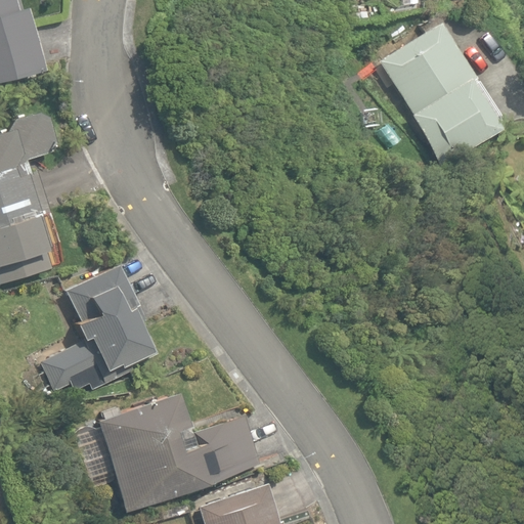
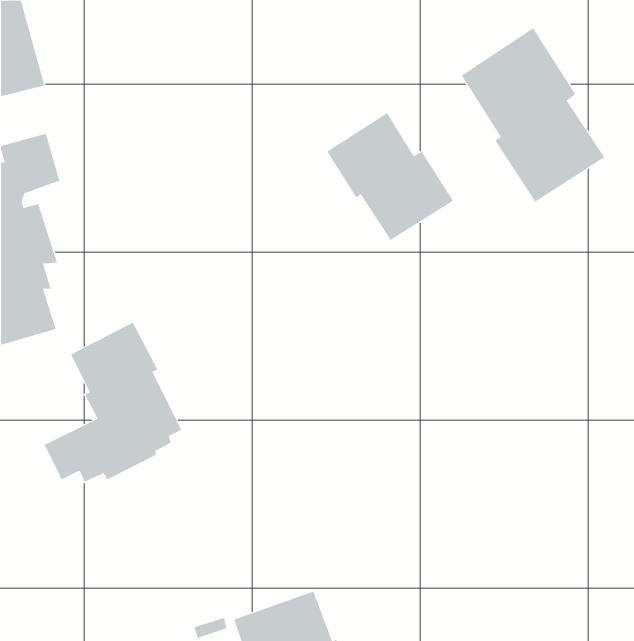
building: none -> [327,112,454,241]
building: [77,391,263,512] -> none

